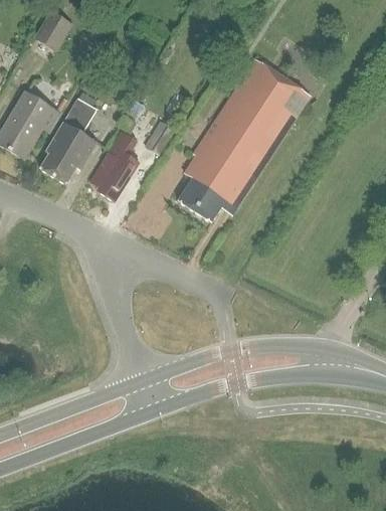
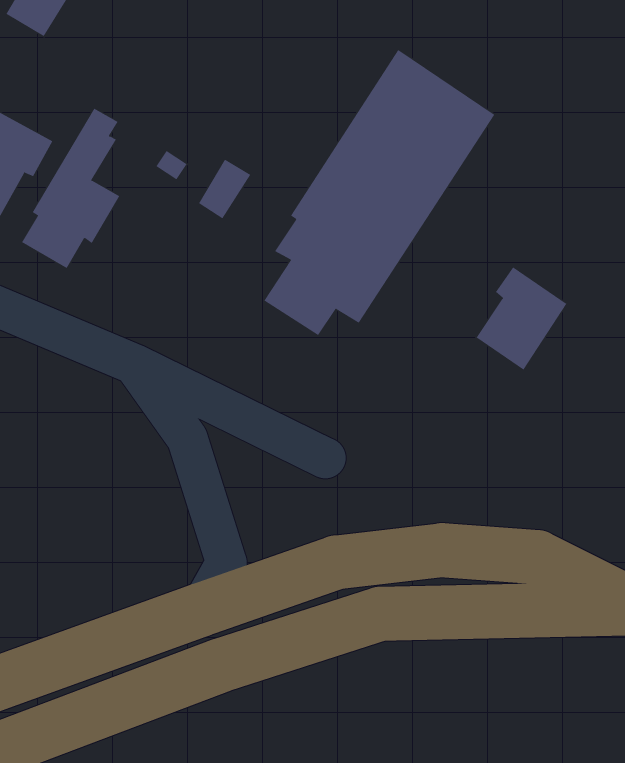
building: [89,129,139,201] -> none
building: none -> [476,266,567,370]

